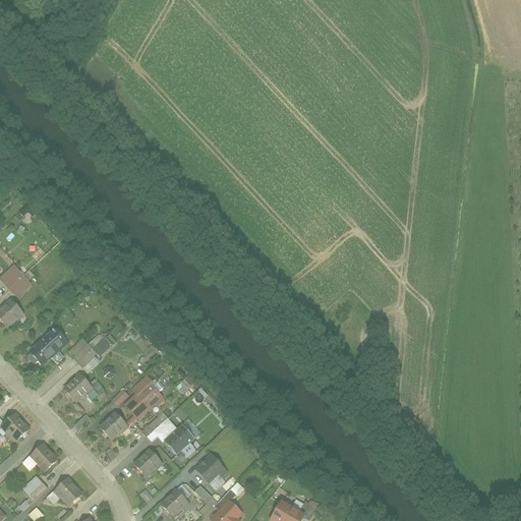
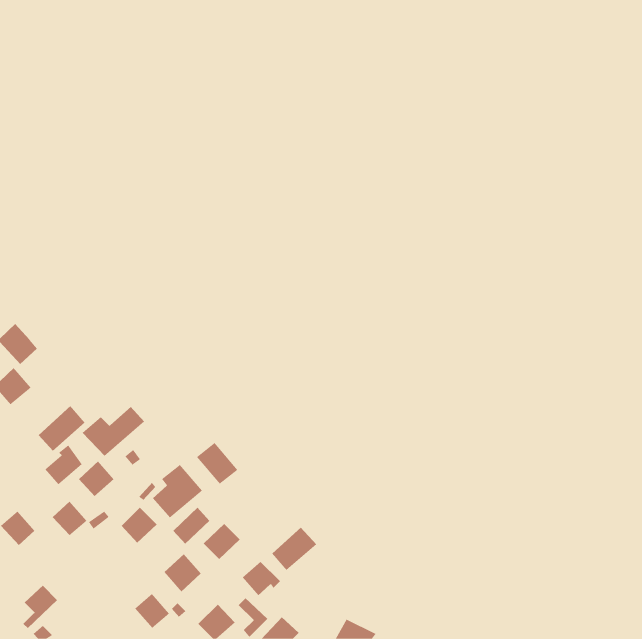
building: none -> [196,442,238,485]
building: none -> [45,444,82,485]
building: none -> [271,527,317,571]
building: [30,443,58,471] -> [52,501,87,536]
building: [54,478,82,507] -> [134,593,170,629]

